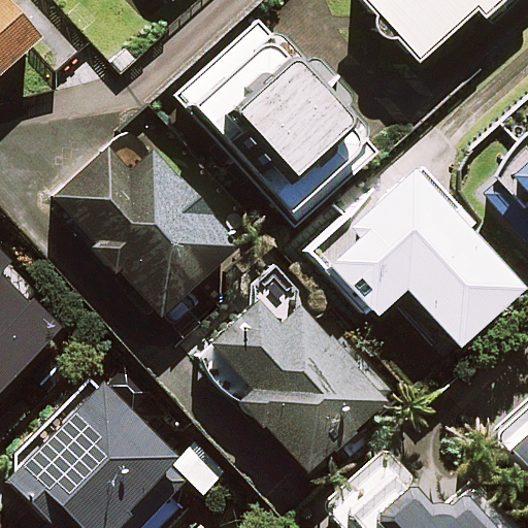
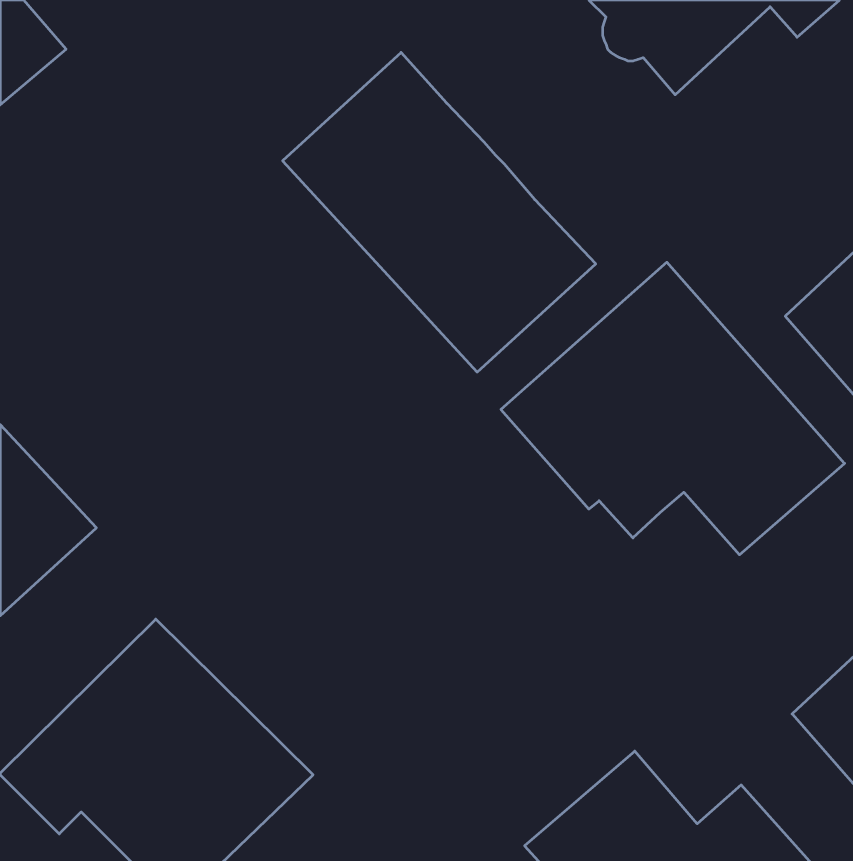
building: [57,148,239,314] -> none
building: [197,264,386,470] -> none

